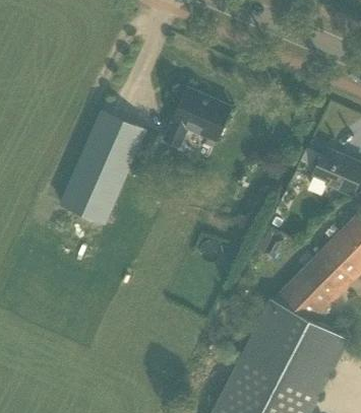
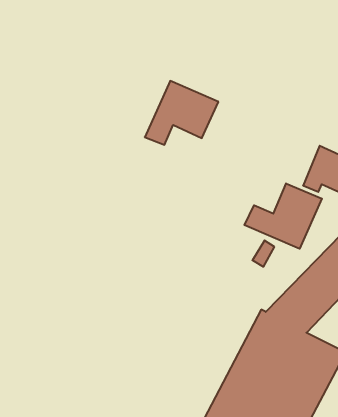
building: [60,111,145,224] -> none
building: none -> [244,183,322,249]

